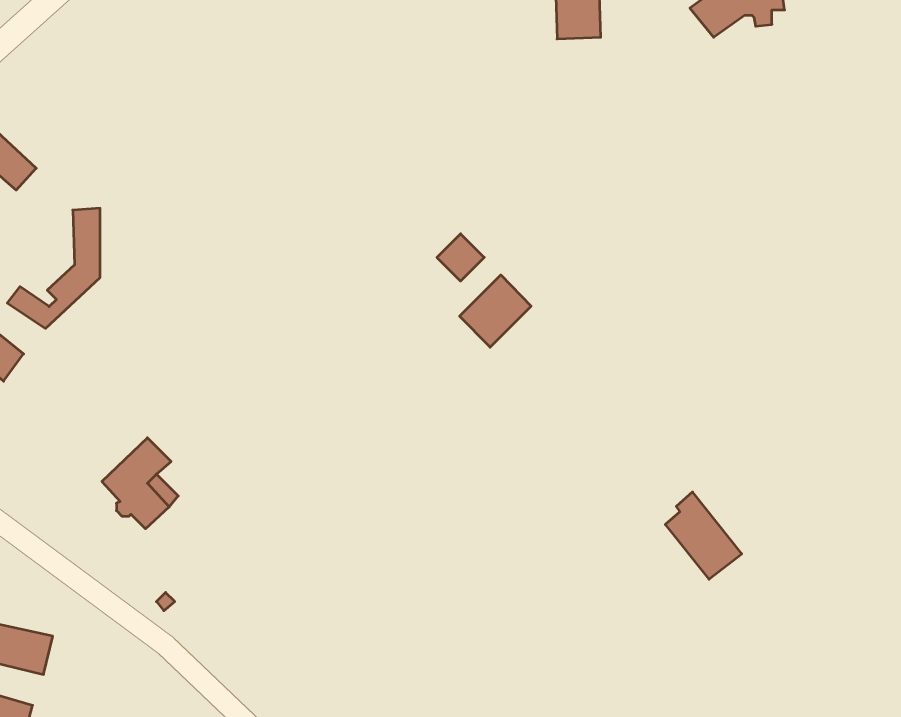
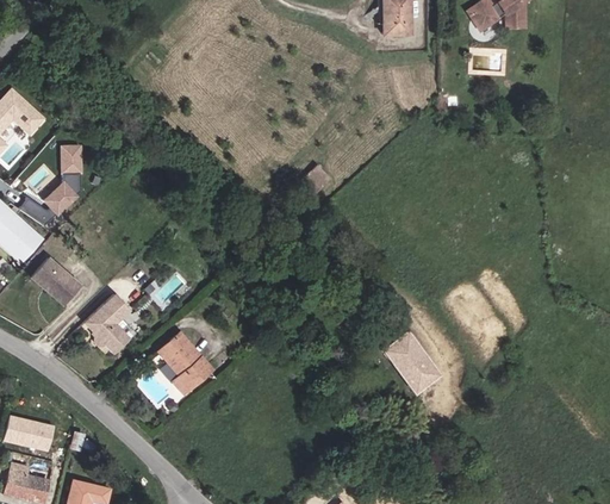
building: [460,275,531,347] -> none
building: none -> [29,259,77,305]
building: [665,492,742,579] -> [391,332,441,390]
building: none -> [158,335,212,394]

